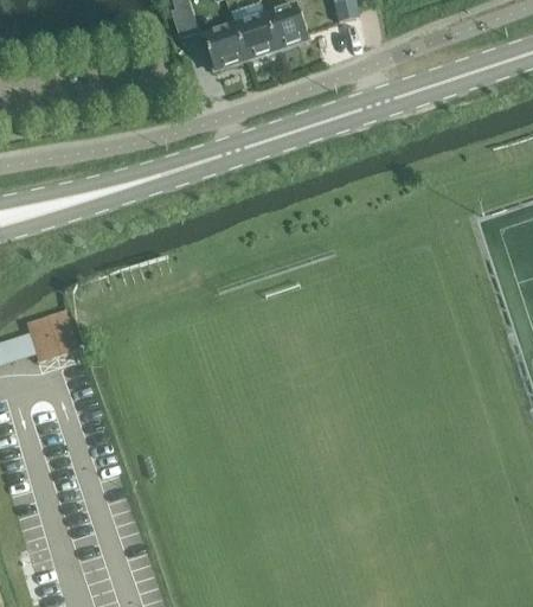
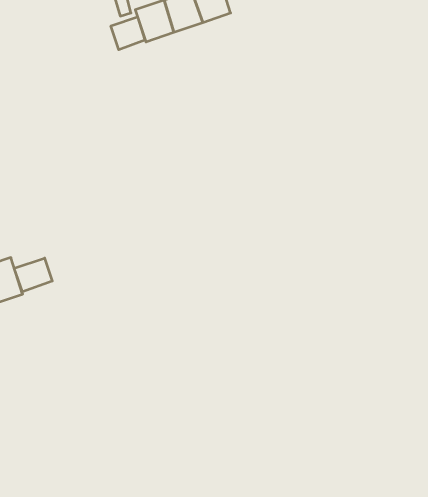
building: none -> [111,17,145,50]
building: none -> [14,258,52,292]

